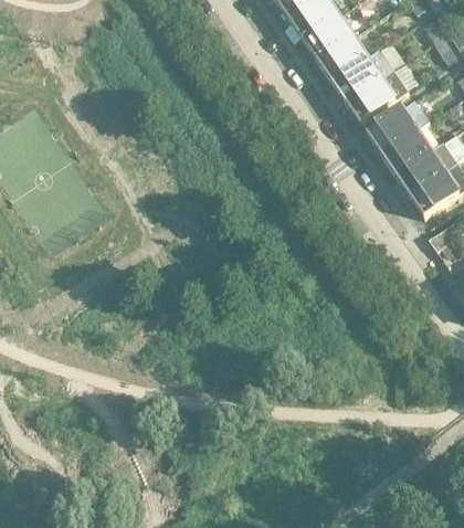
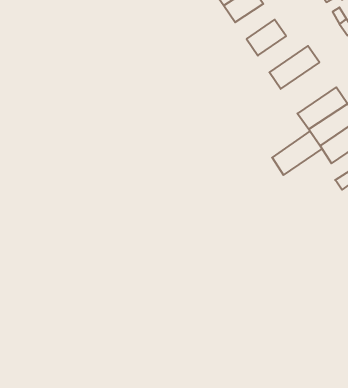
building: [300,12,350,56] -> none
building: [329,44,392,98] -> none
building: [365,95,428,150] -> [272,131,322,175]

